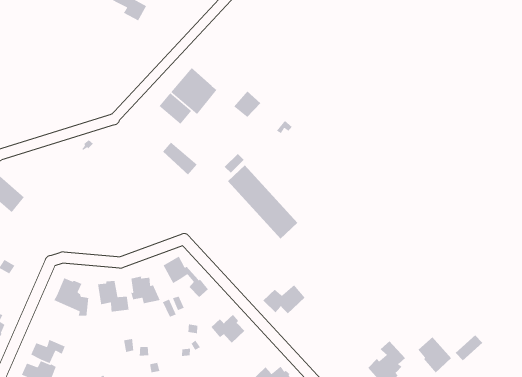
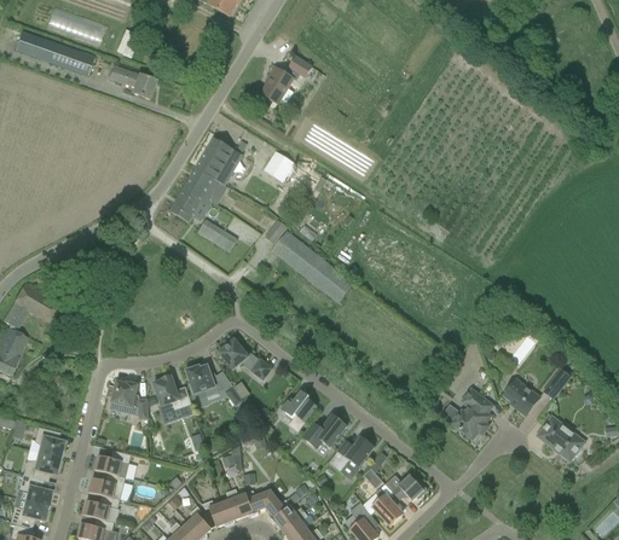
building: none -> [261,57,312,104]
building: none -> [170,185,213,222]
building: [263,284,306,314] -> [302,414,347,448]

